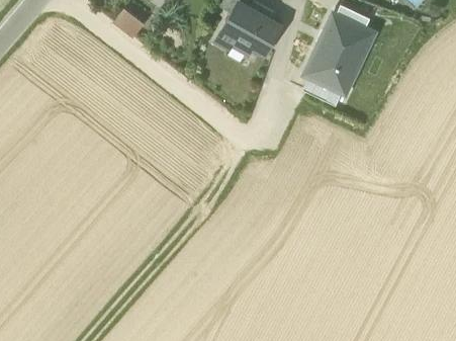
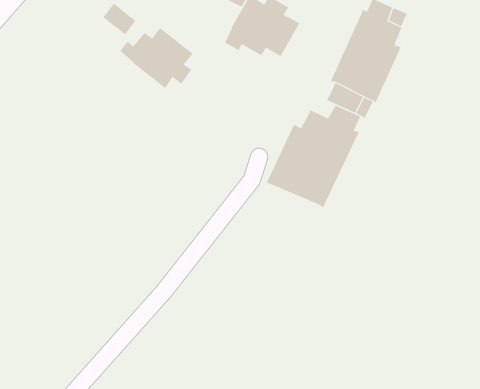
building: none -> [119,27,194,89]
building: none -> [266,105,361,208]

